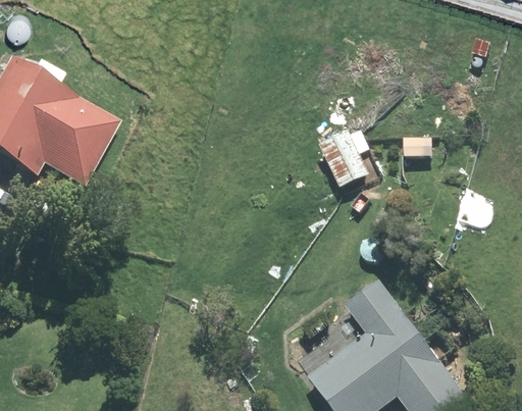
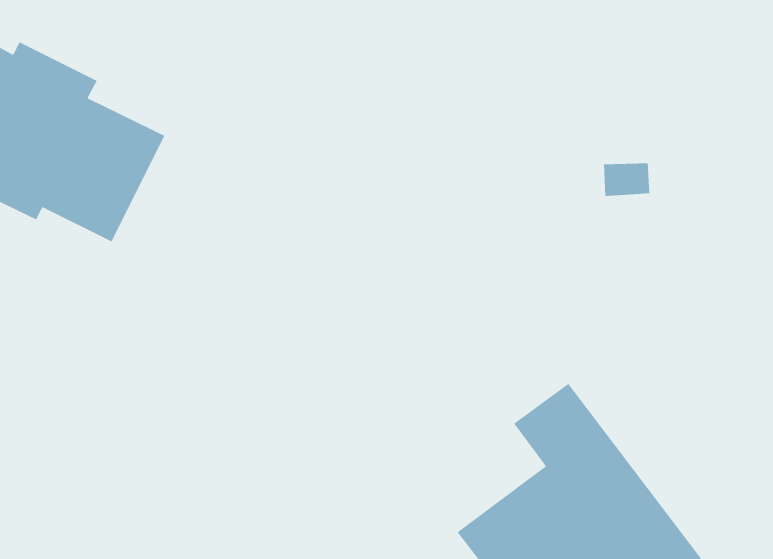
building: [316,126,370,188] -> none

